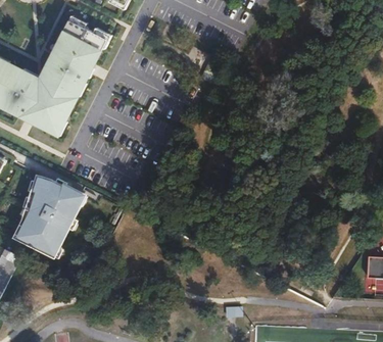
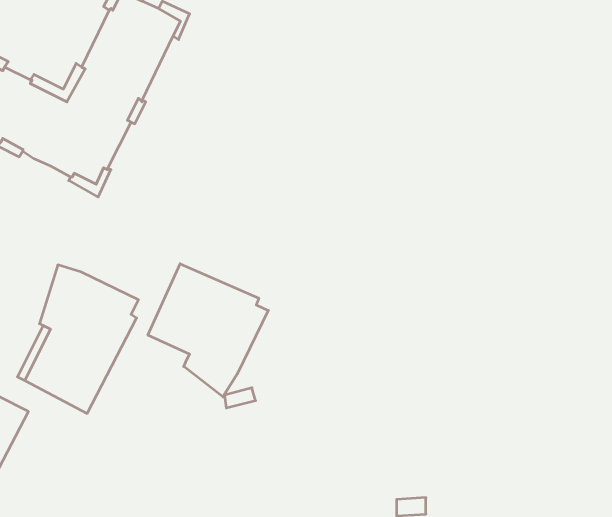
building: none -> [148,264,268,397]

